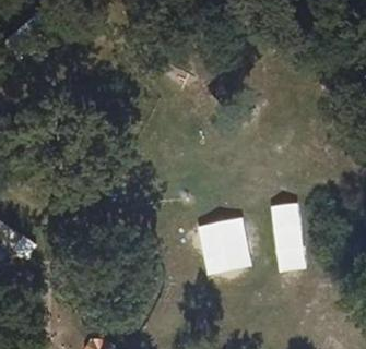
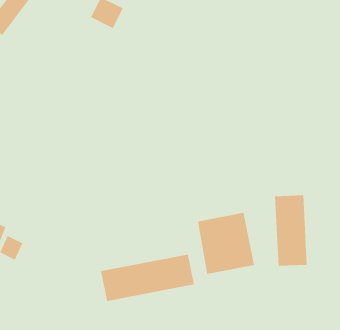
building: none -> [101,254,195,302]

